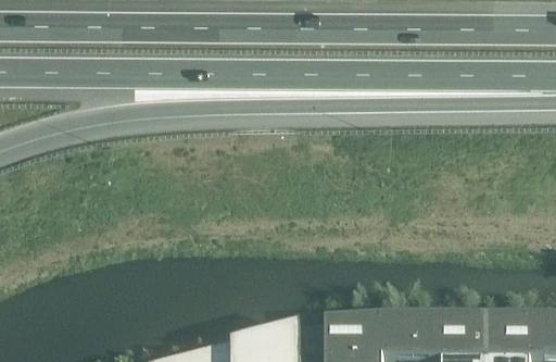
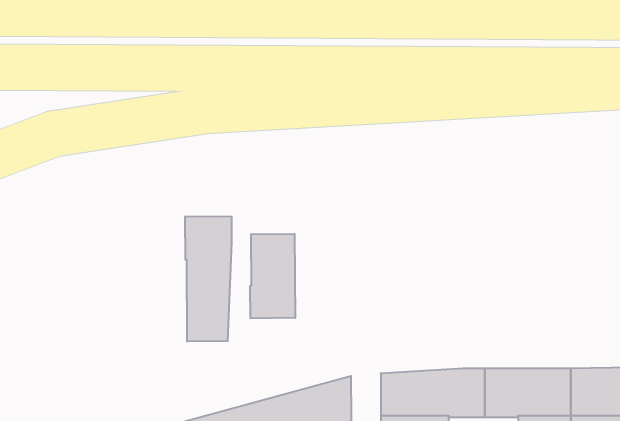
building: none -> [185,216,232,342]
building: none -> [250,234,295,318]

